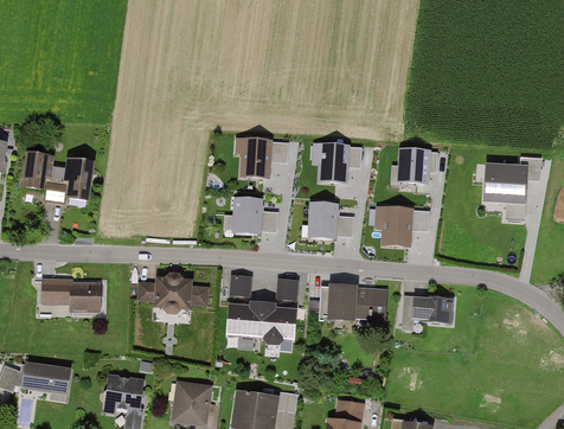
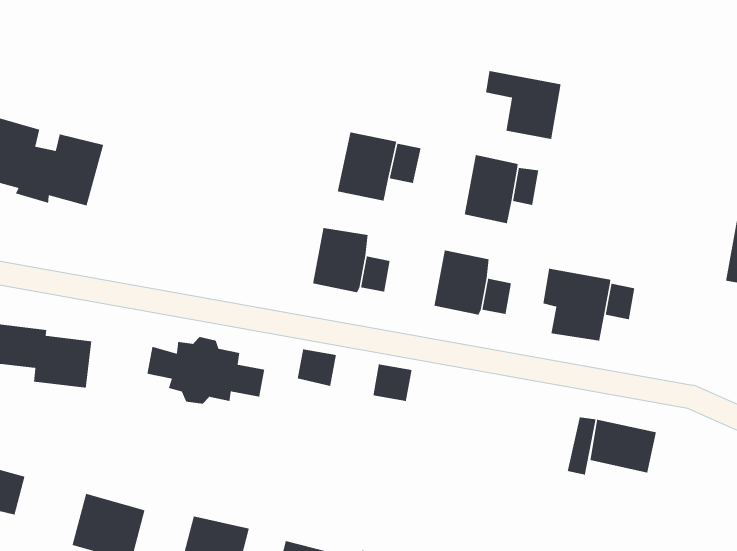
building: none -> [485,70,561,140]
building: [397,145,430,181] -> none
building: [318,283,386,320] -> none
building: [226,300,295,337] -> none

